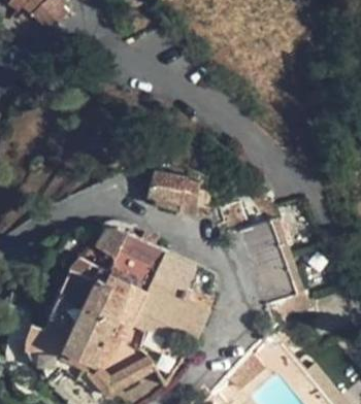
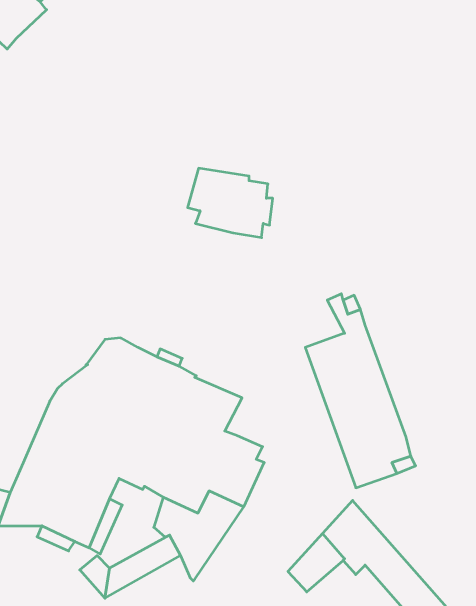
building: [147,171,203,216] -> [188,168,273,238]

